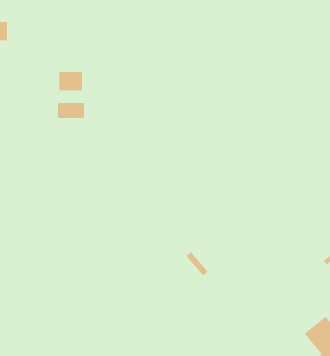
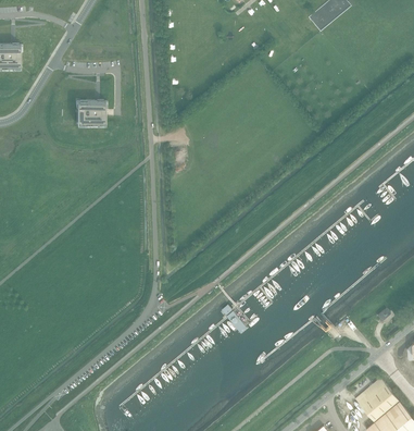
building: [58,102,85,119] -> none

